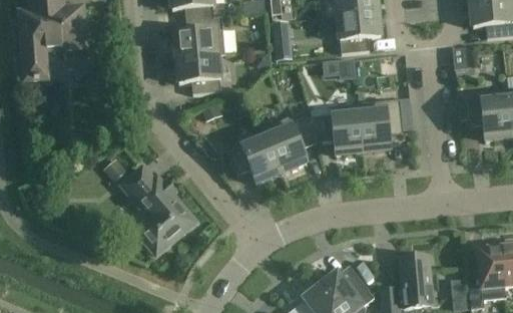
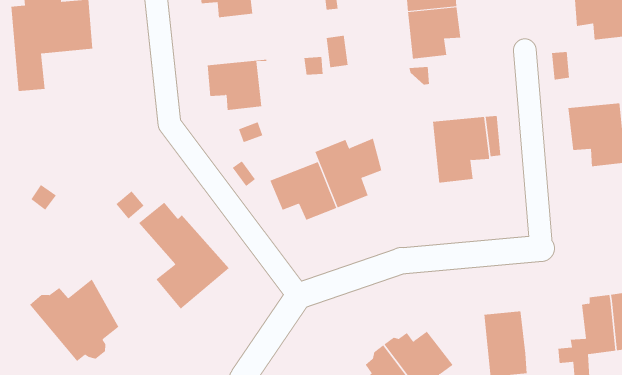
building: [174,17,224,58] -> none
building: [310,103,362,154] -> none
building: none -> [29,278,119,362]

